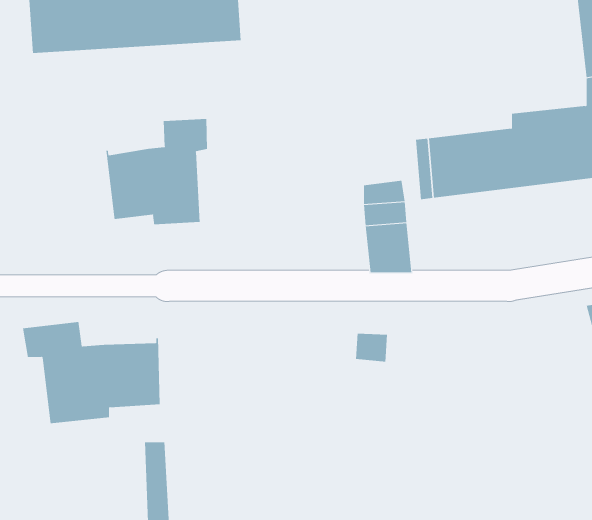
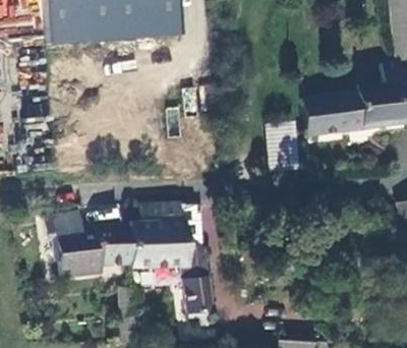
building: [106,118,207,225] -> none
building: none -> [130,200,208,322]

